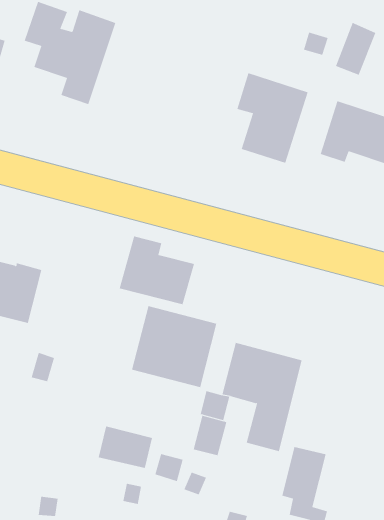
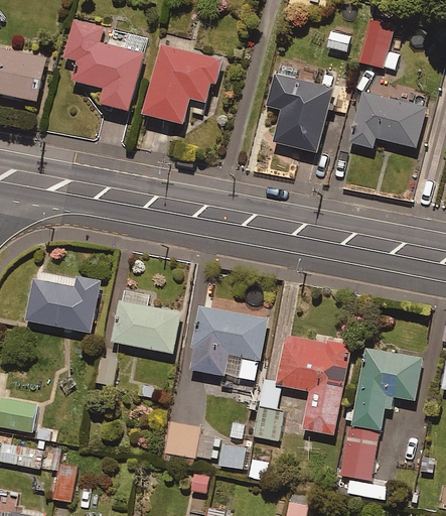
building: none -> [144,51,222,132]
building: [119,236,195,305] -> [110,287,179,349]
building: none -> [351,346,421,426]

